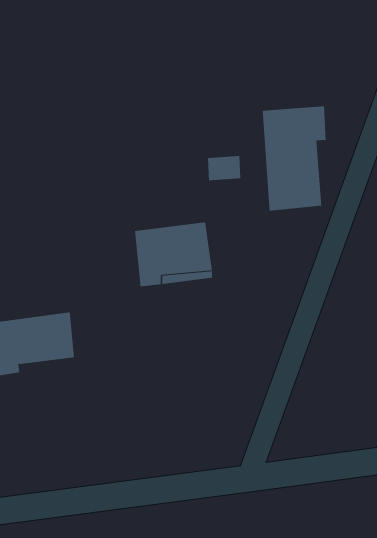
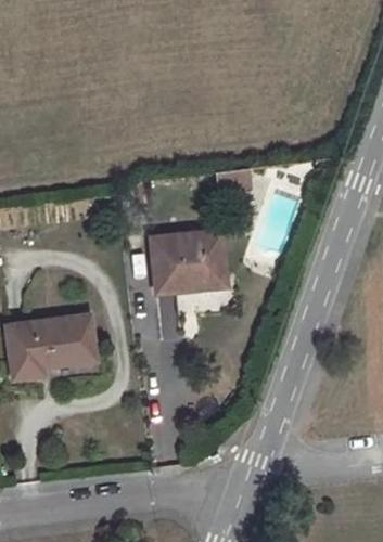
building: [262,106,326,212] -> none

